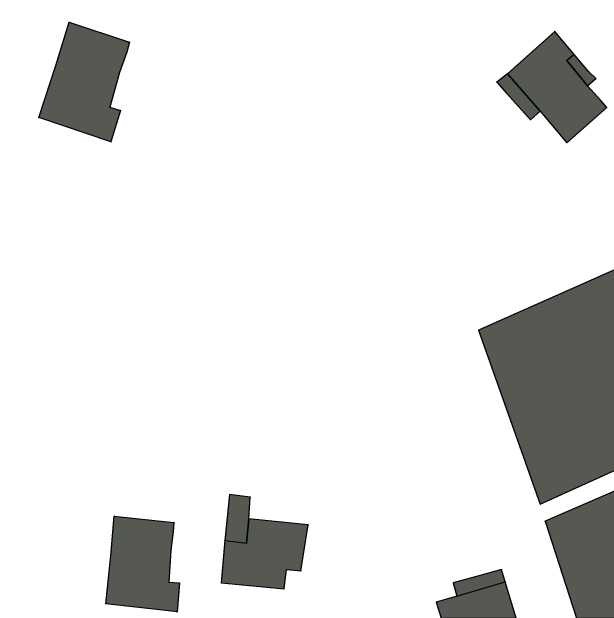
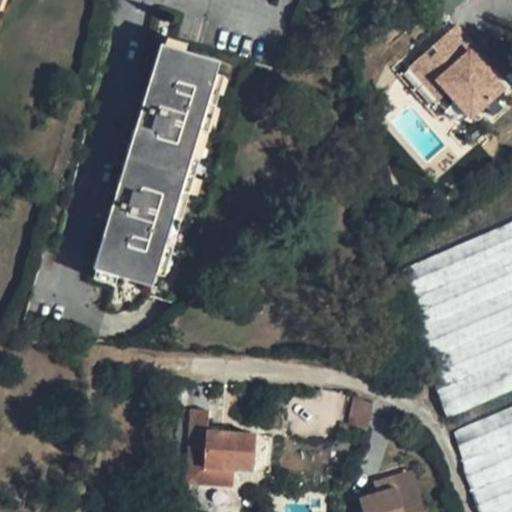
building: [39,22,130,142] -> none
building: none -> [90,44,221,287]
building: [106,516,179,612] -> none

